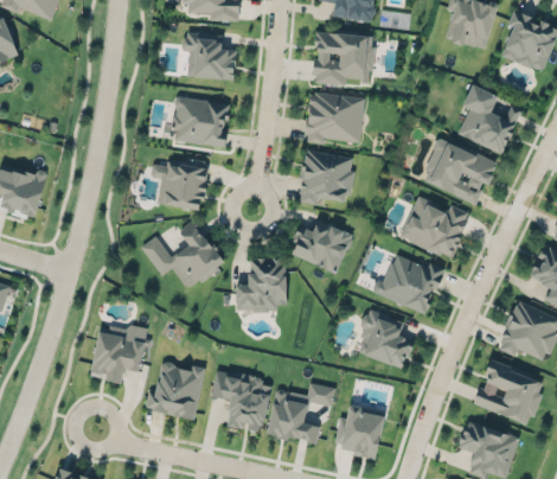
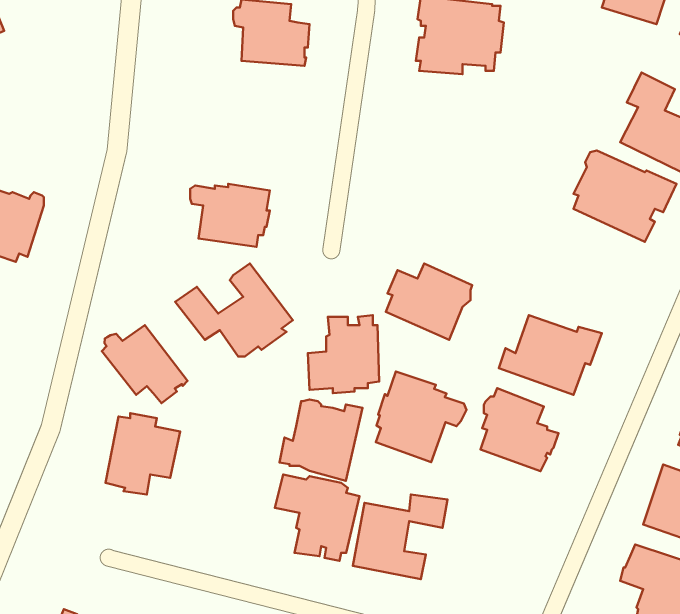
building: [303,91,365,143] -> none
building: [169,96,230,146] -> none
building: [297,146,357,207] -> none
building: [399,196,467,256] -> none
building: none -> [102,325,187,403]
building: none -> [376,371,466,462]
building: [145,360,204,419] -> [280,399,363,481]
building: [334,403,384,459] -> none

